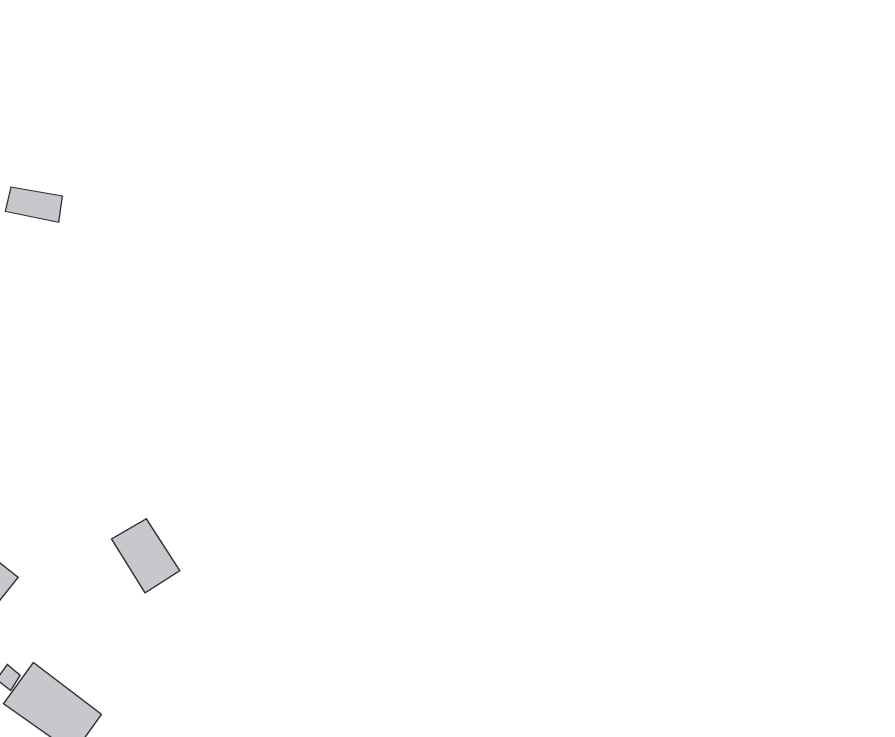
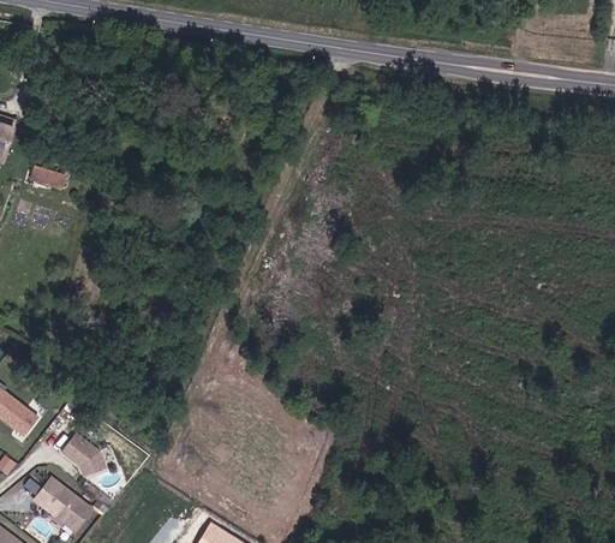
building: [111,519,180,593] -> [62,431,107,479]

